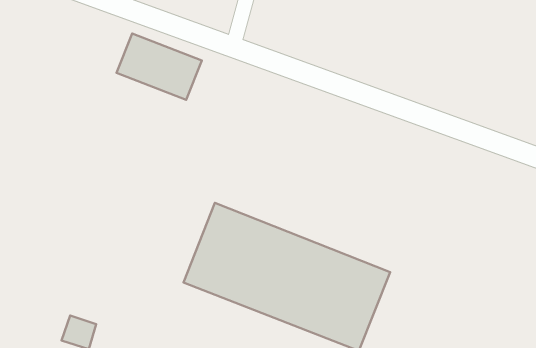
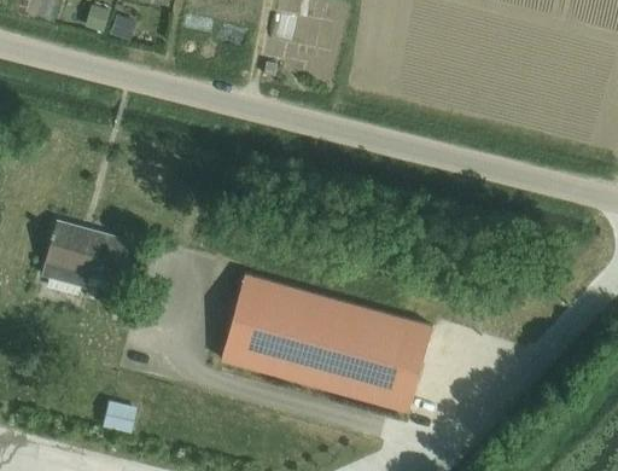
building: [116,34,202,100] -> [43,222,130,285]

